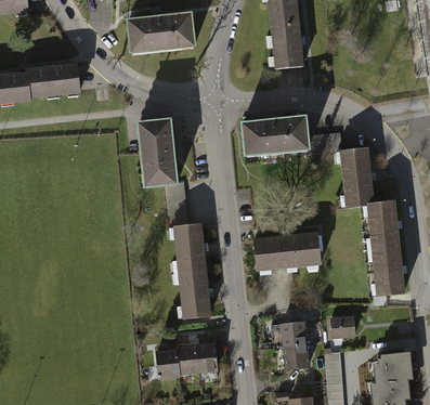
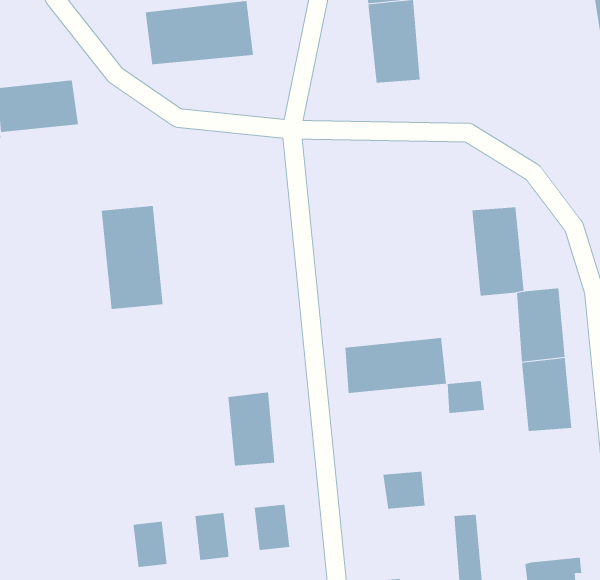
building: [242,115,342,154] -> none
building: [135,118,177,186] -> [101,205,163,309]
building: [173,223,205,272] -> none
building: [331,315,356,337] -> [447,380,485,413]
building: [283,343,311,368] -> none
building: [175,344,198,375] -> [133,521,167,567]
building: [376,349,414,380] -> none

